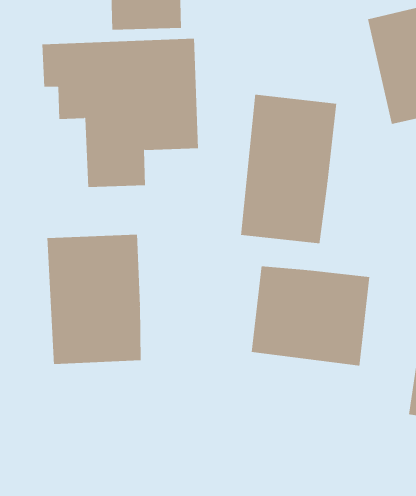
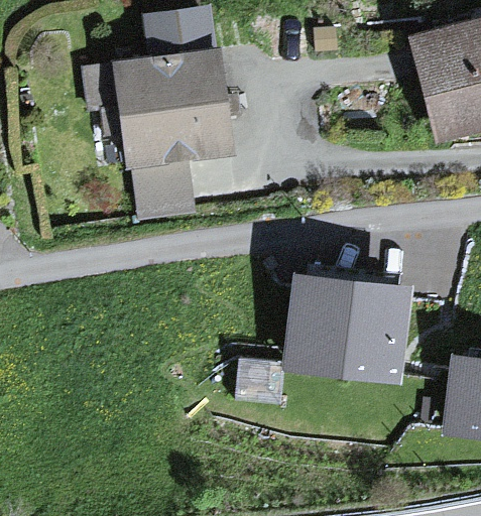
building: [241,94,337,244] -> none
building: [47,234,141,365] -> none

